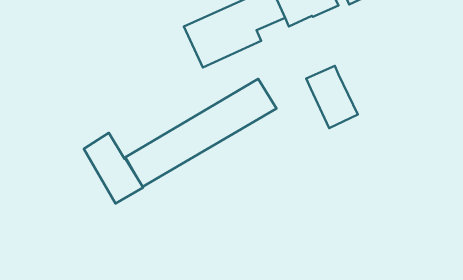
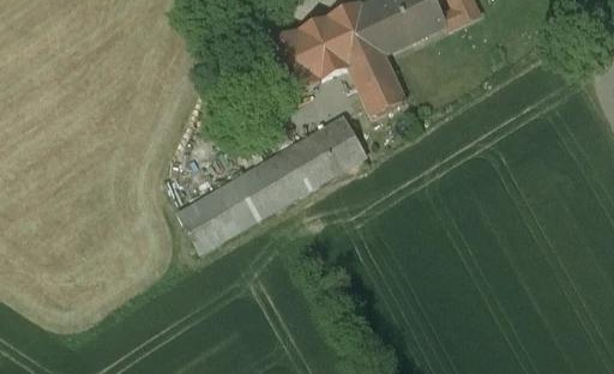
building: [306,66,358,128] -> [342,38,407,116]
building: [84,133,143,204] -> none

